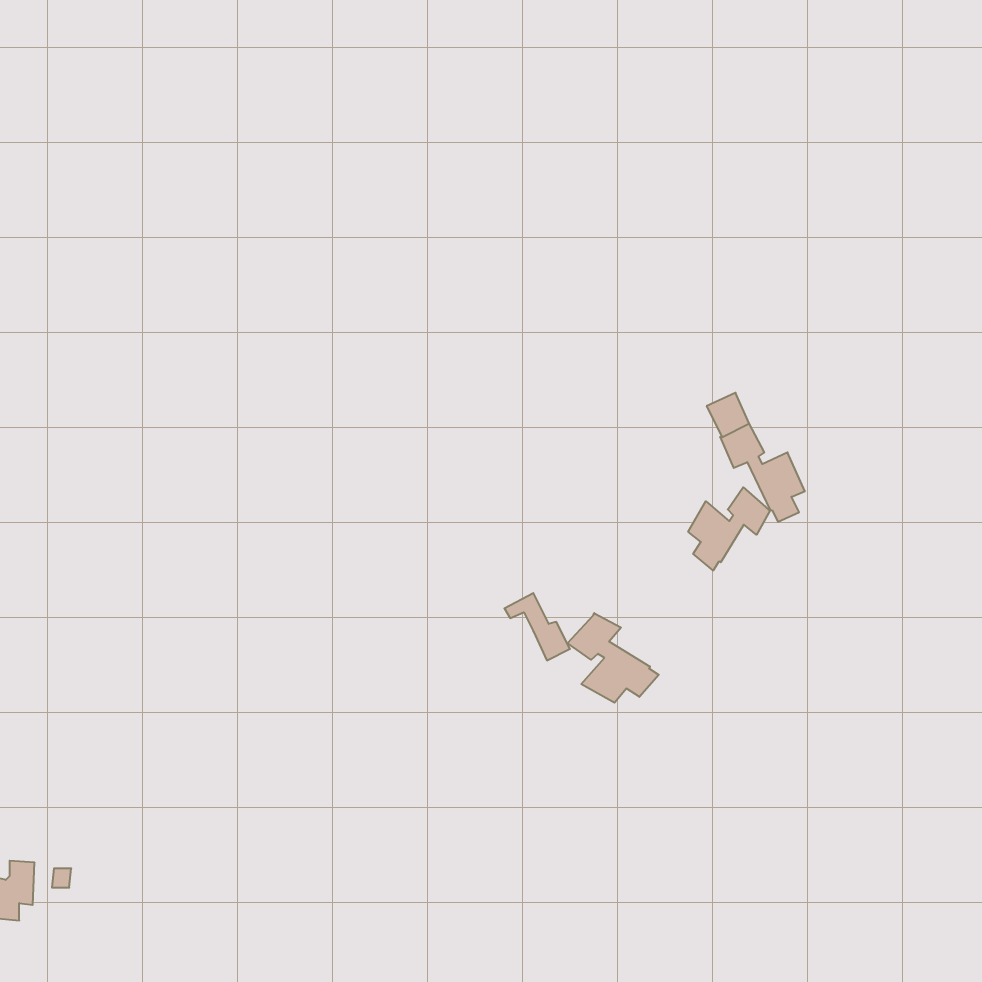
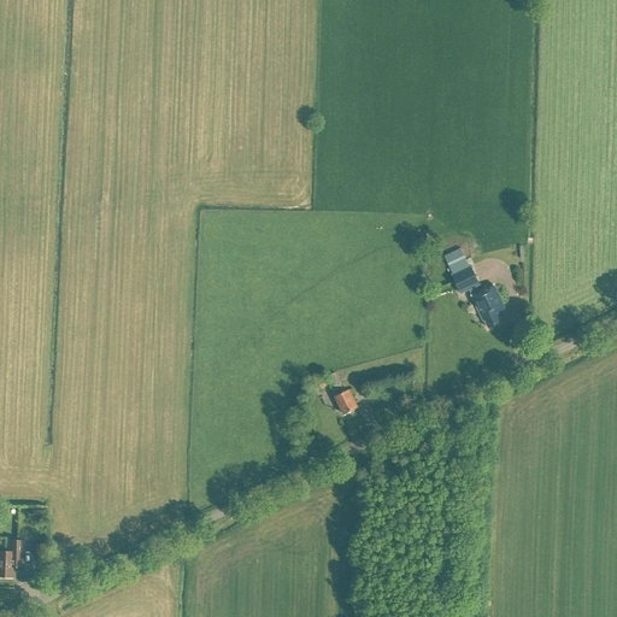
building: [688,487,770,571] -> none
building: [567,613,659,703] -> none

